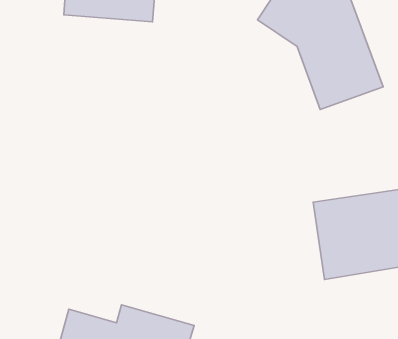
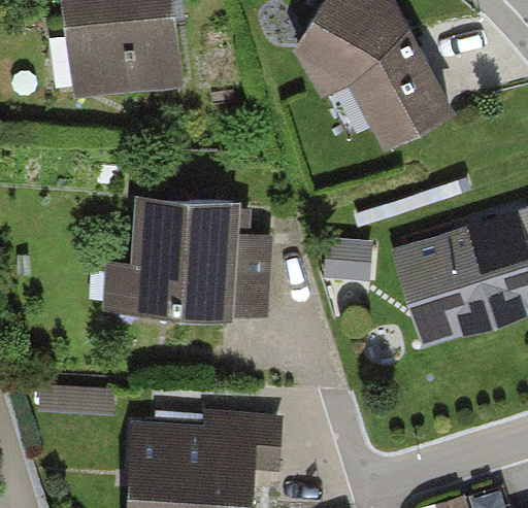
building: none -> [111,196,270,313]

